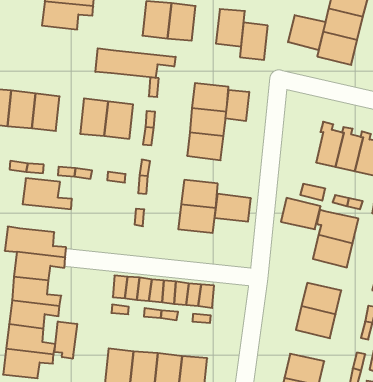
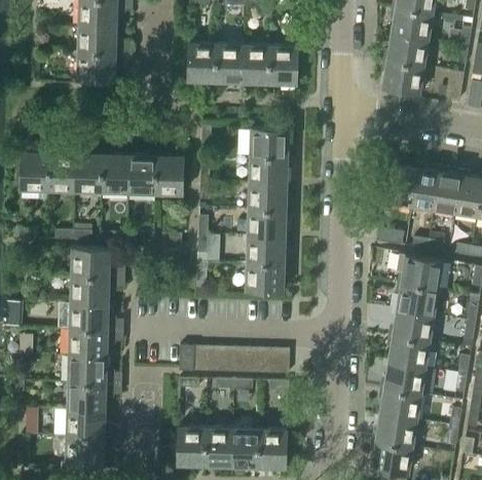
building: [288,15,325,50] -> none
building: [240,23,268,60] -> [243,44,270,83]
building: [95,48,176,78] -> none
building: [226,90,249,121] -> none
building: none -> [102,155,129,194]
building: [215,194,251,222] -> [247,209,285,236]
building: [281,198,321,229] -> [391,310,433,342]
building: none -> [71,276,125,304]
building: [54,321,77,359] -> none
building: none -> [378,390,420,421]

